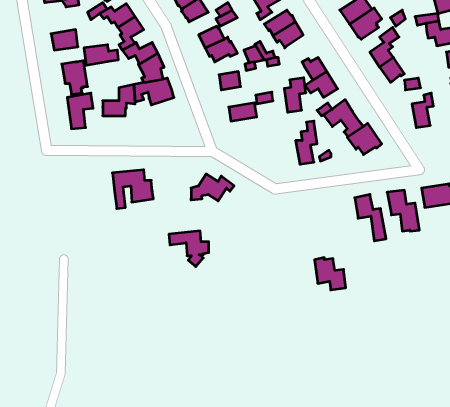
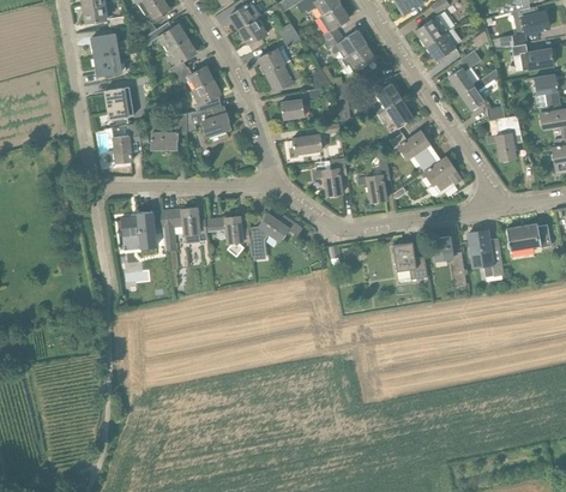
building: [84,45,118,65] -> [91,34,130,56]
building: [284,78,306,112] -> [323,157,347,196]
building: none -> [121,211,164,250]
building: [169,231,209,267] -> [205,216,249,256]
building: [315,258,346,290] -> [392,242,427,278]

